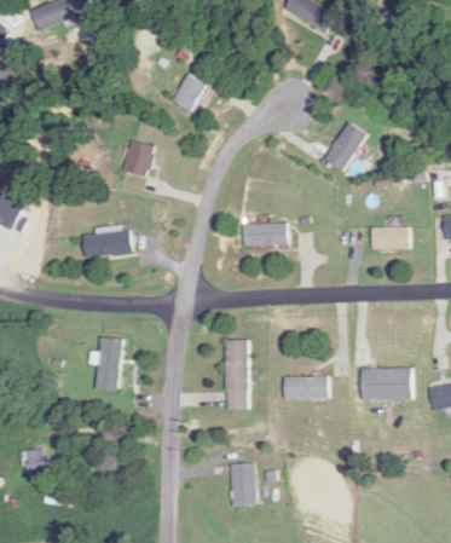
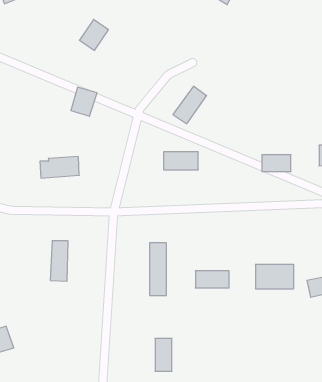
building: [169,73,207,112] -> [79,19,108,50]
building: [323,122,366,171] -> [173,86,207,124]

